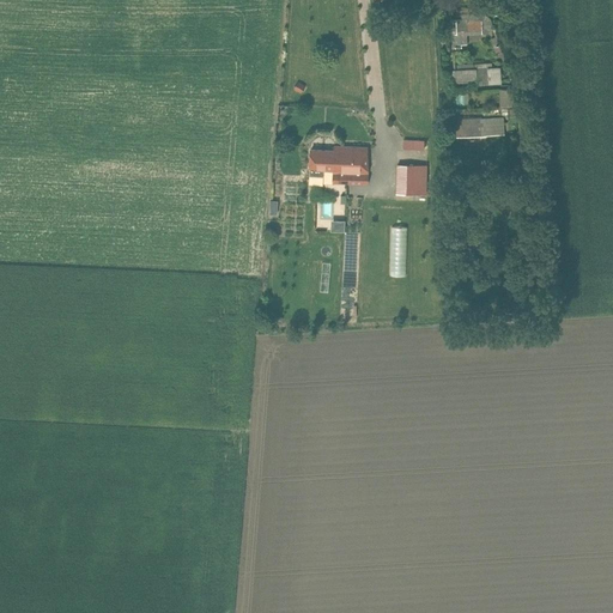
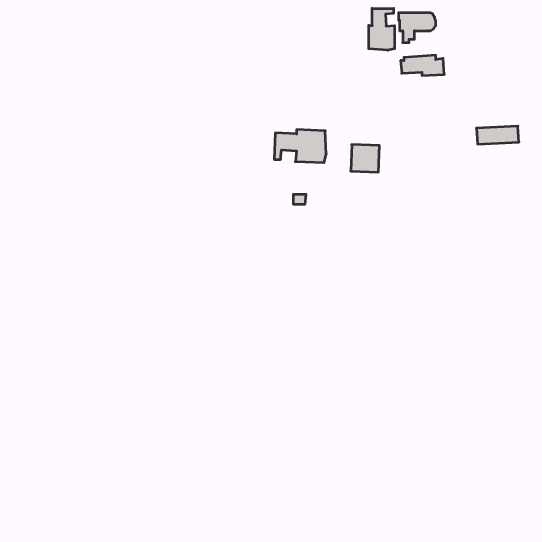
building: none -> [369,8,395,50]
building: [455,117,503,138] -> [476,126,519,144]

